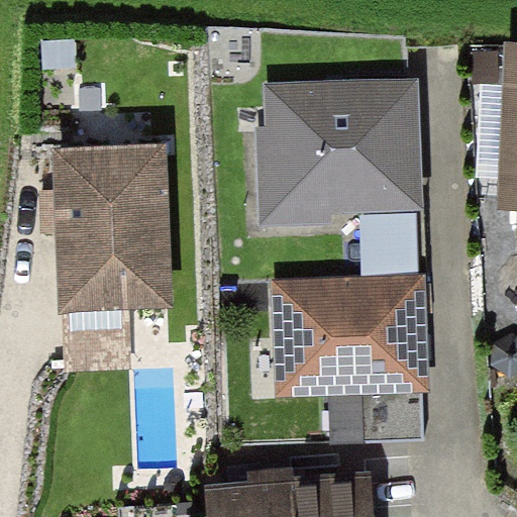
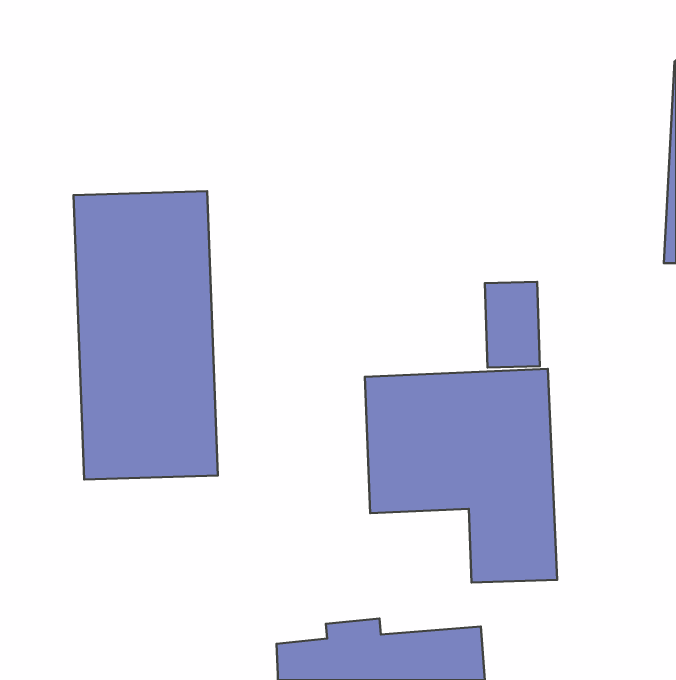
building: [268,83,413,207] -> none

